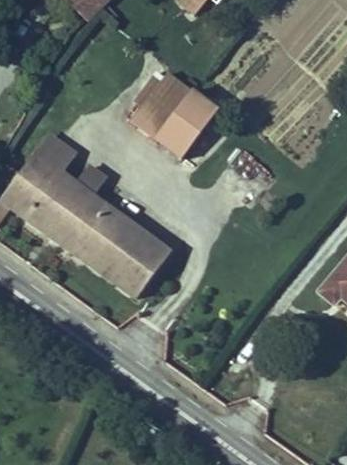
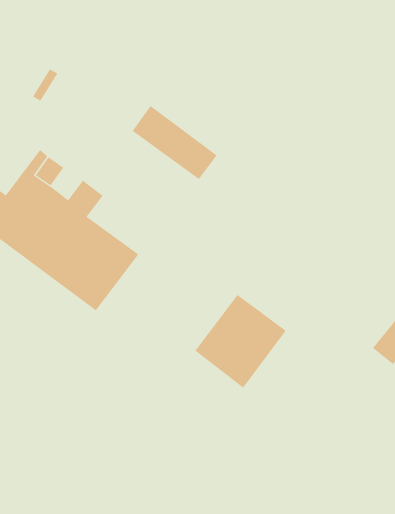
building: [141,69,218,139] -> none
building: [97,220,172,297] -> [194,294,286,388]

